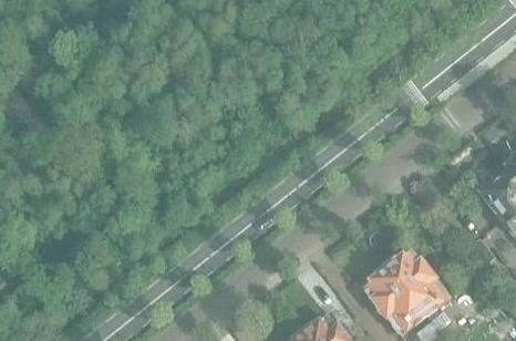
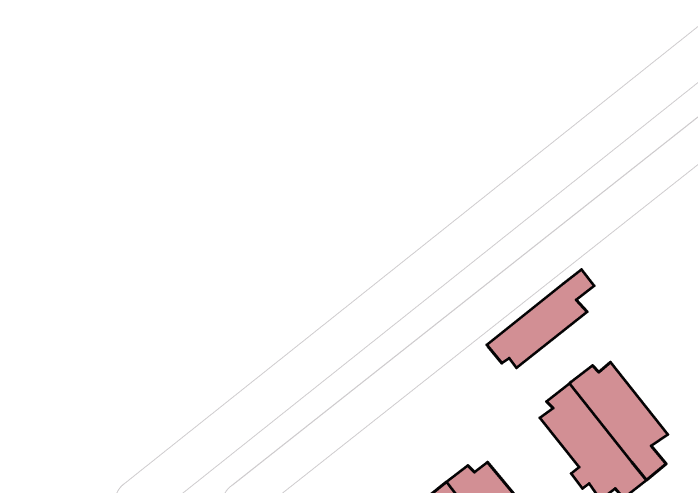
building: none -> [487,269,594,368]

